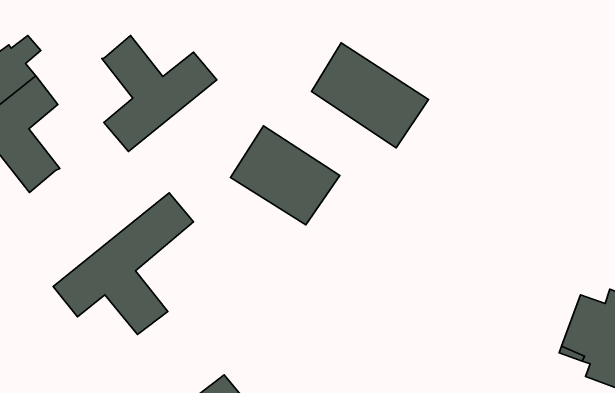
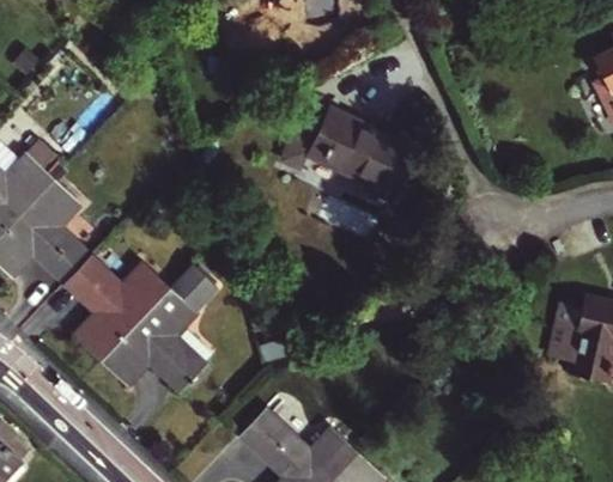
building: [102,35,217,152] -> [63,256,168,359]
building: [231,126,340,225] -> none

